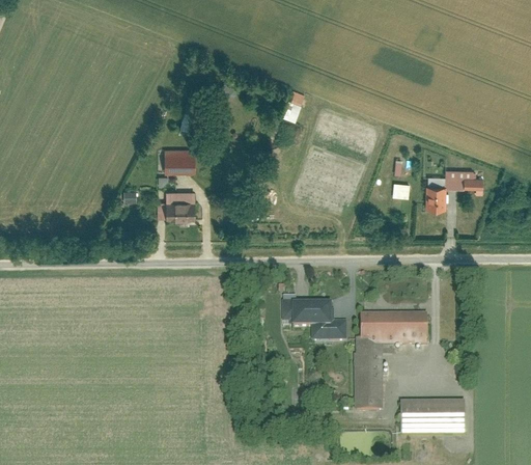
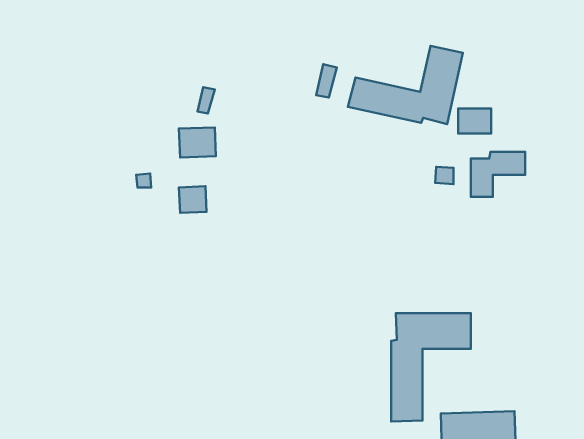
building: none -> [348,46,463,124]
building: none -> [458,108,491,133]
building: [281,299,345,338] -> none

